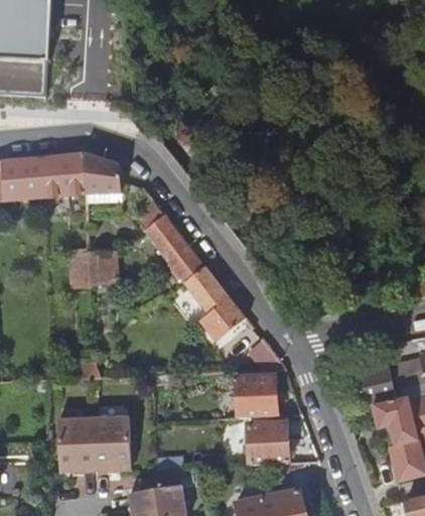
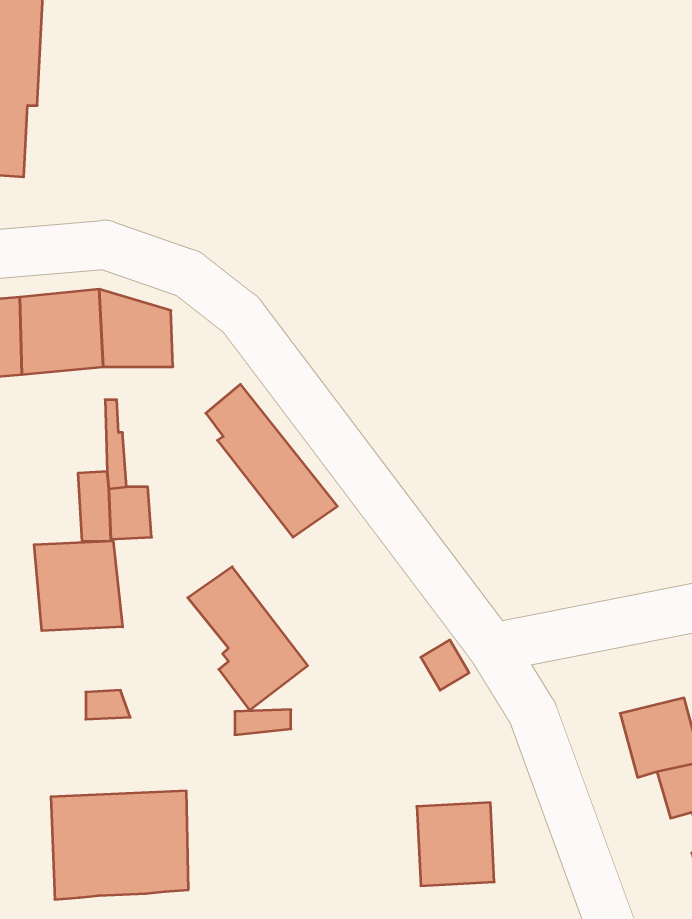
building: [182,267,245,342] -> [188,567,308,710]
building: none -> [34,541,123,631]
building: [236,375,276,417] -> none

